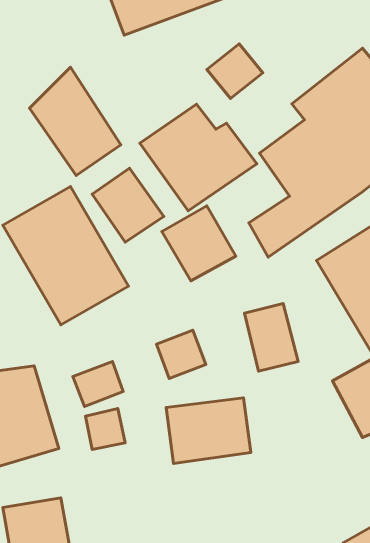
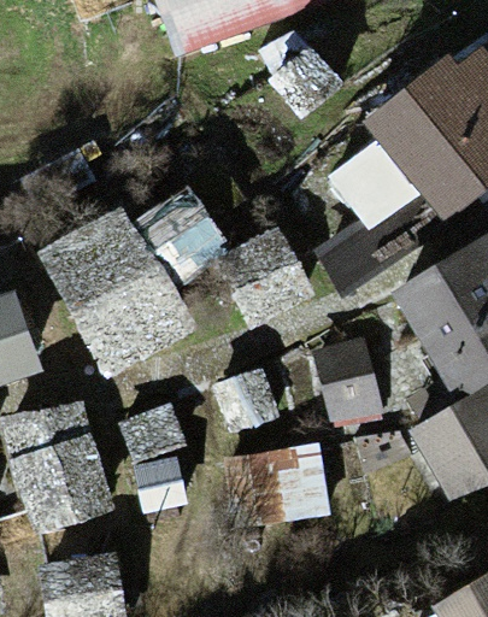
building: [30,67,121,176] -> none
building: [140,104,257,211] -> none

